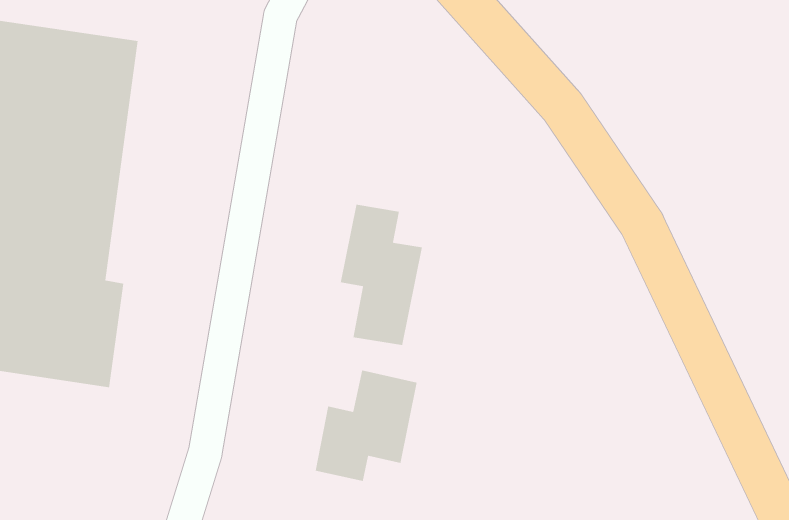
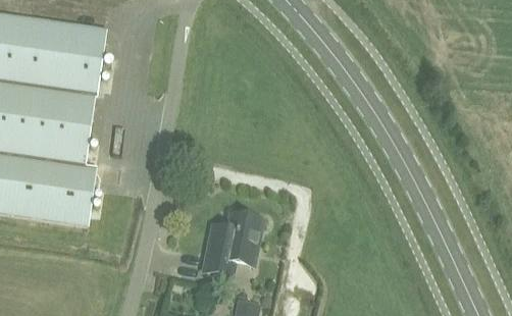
building: [340,204,422,346] -> none

